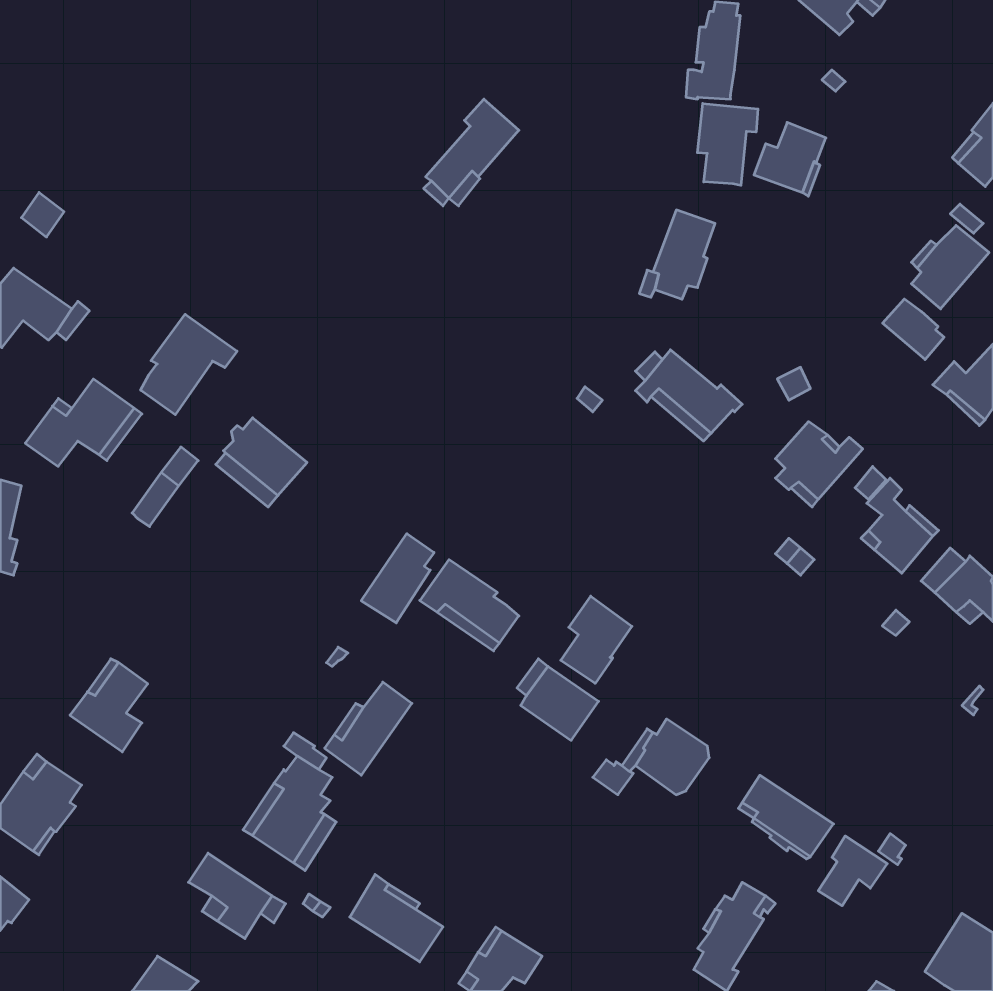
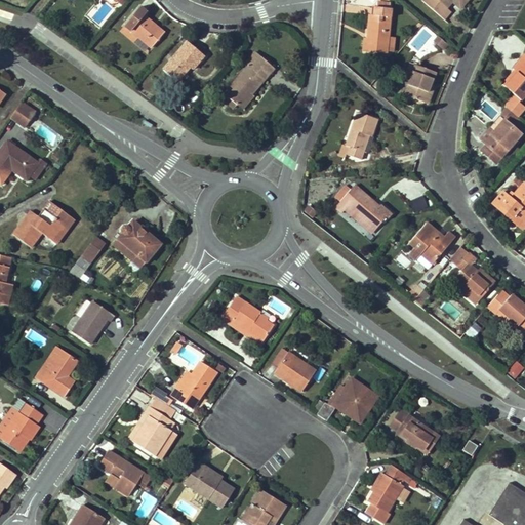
building: none -> [124,7,163,47]
building: none -> [162,41,205,81]
building: [697,103,758,185] -> none
building: [883,299,944,360] -> none
building: [141,314,237,415] -> none
building: [361,534,434,623] -> none
building: none -> [72,300,114,344]
building: [561,596,632,683] -> none
building: [818,836,887,906] -> none

